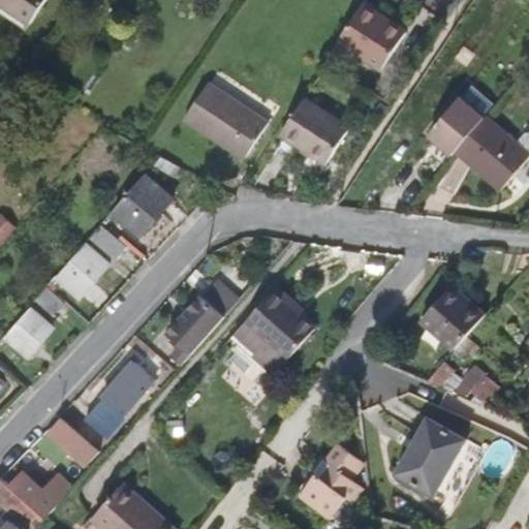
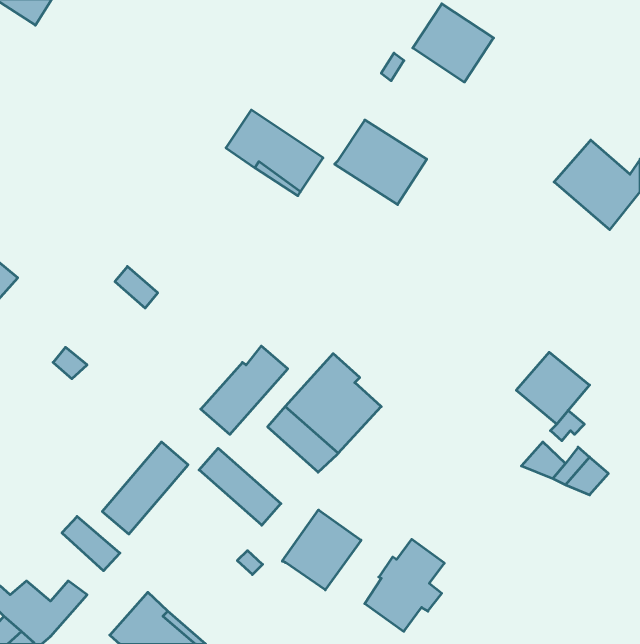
building: [426,95,483,154] -> none
building: [118,169,176,228] -> none
building: [59,238,113,291] -> none
building: [9,303,56,348] -> none
building: none -> [199,448,281,525]
building: none -> [282,510,361,590]
building: [397,422,464,497] -> none

